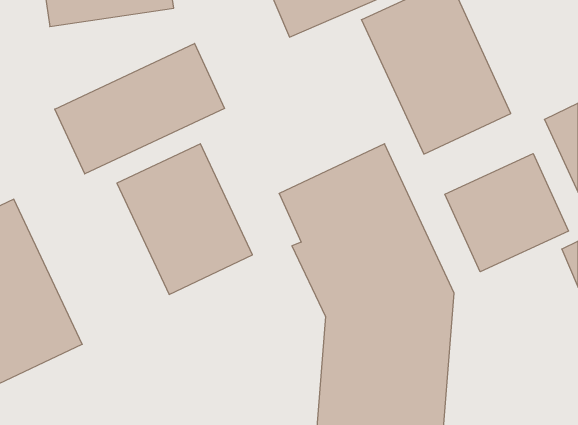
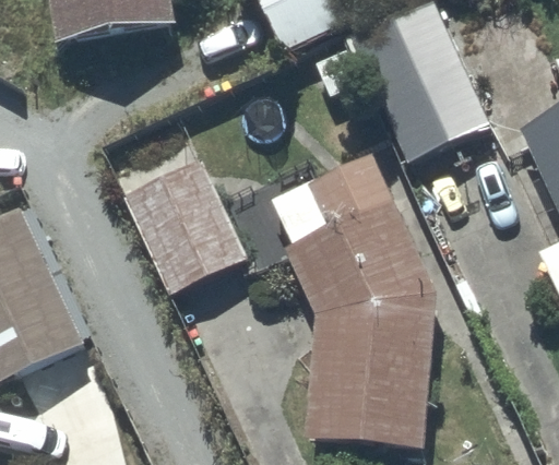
building: [55,43,225,174] -> none
building: [445,154,569,272] -> none

